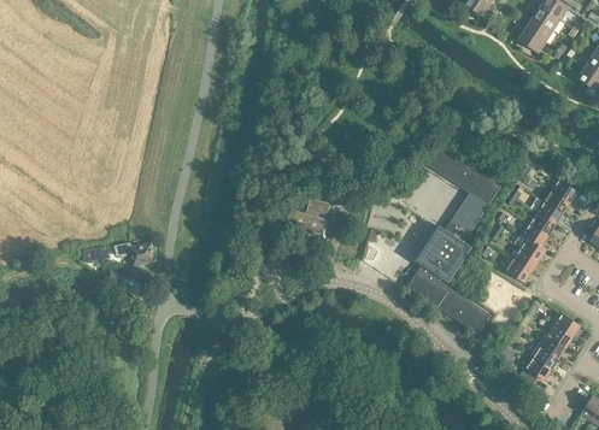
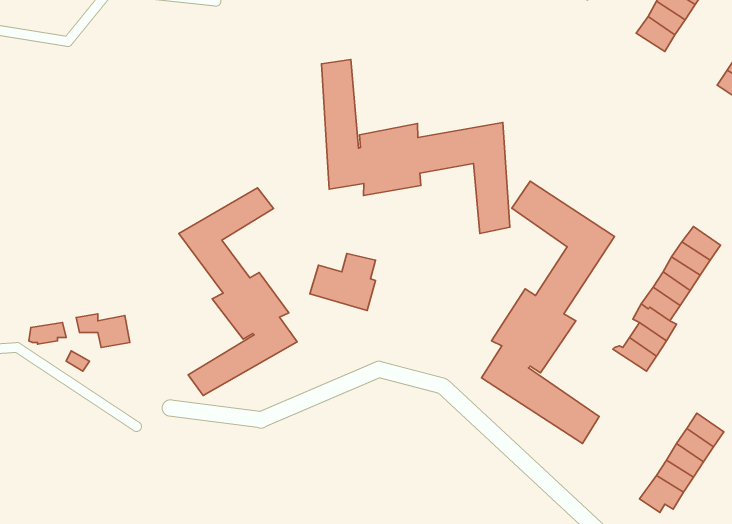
building: none -> [321,59,510,233]
building: none -> [179,188,297,396]

